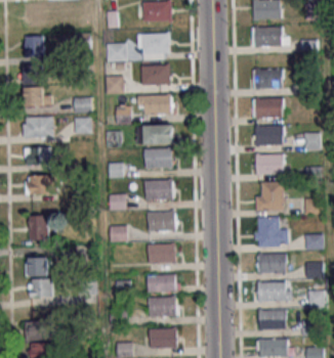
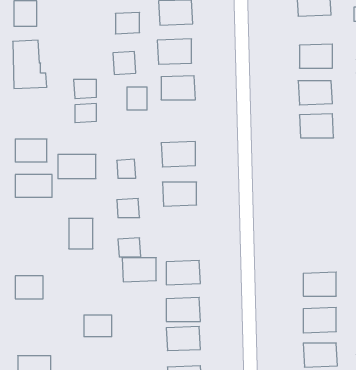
building: [23,117,53,136] -> [58,154,96,179]
building: [143,127,171,146] -> none
building: [255,154,282,175] -> none
building: [255,182,283,212] -> none
building: [147,213,174,232] -> [122,258,156,282]
building: [29,215,48,239] -> [69,218,93,249]
building: [254,218,288,248] -> none
building: [29,278,51,296] -> [84,315,112,337]

